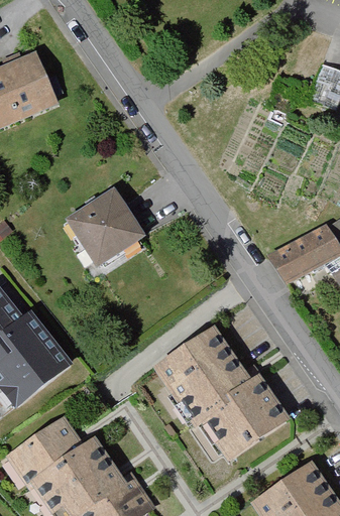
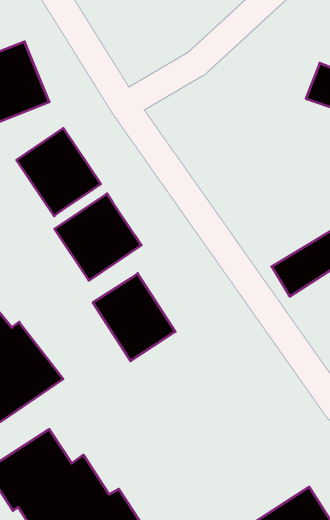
building: none -> [17,128,101,216]
building: none -> [93,273,175,361]
building: [151,329,291,467] -> none

